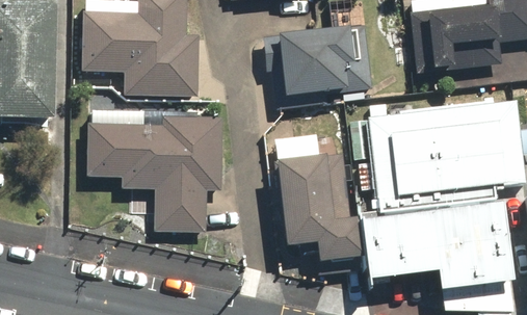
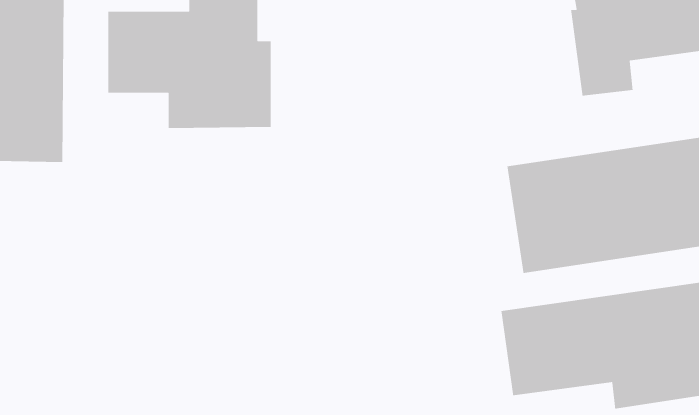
building: [278,23,374,99] -> none
building: [88,114,222,231] -> none
building: [273,152,361,263] -> none

